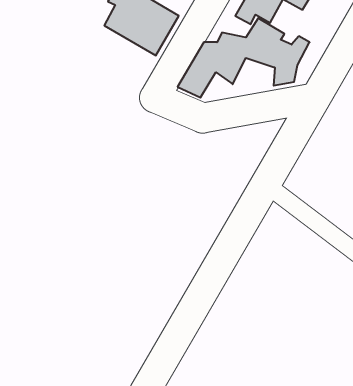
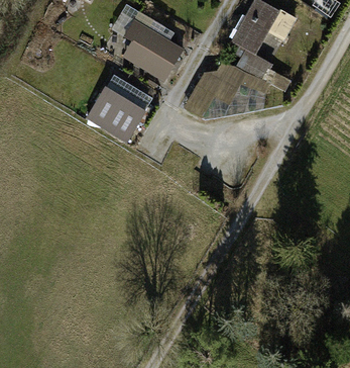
building: none -> [85,86,144,142]

